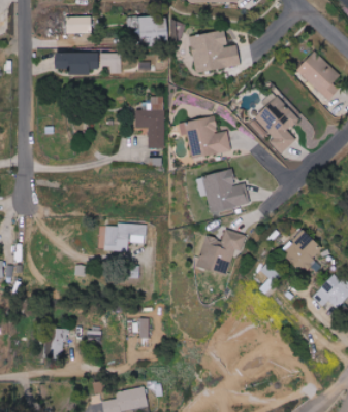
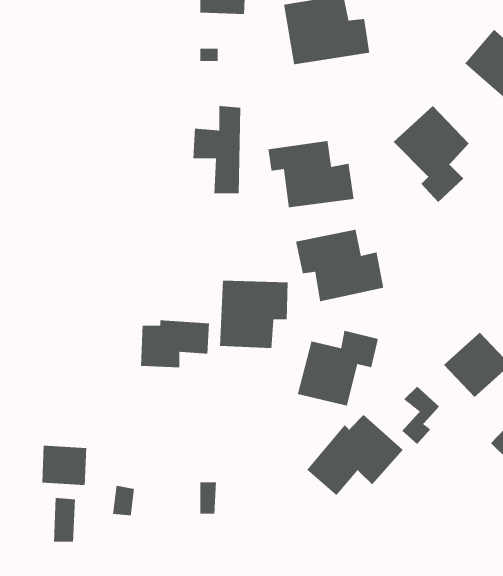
building: [56,52,98,74] -> none
building: none -> [219,280,289,349]
building: none -> [306,414,404,496]
building: none -> [41,445,87,486]

